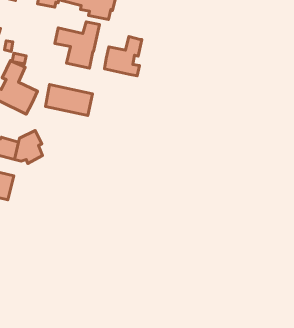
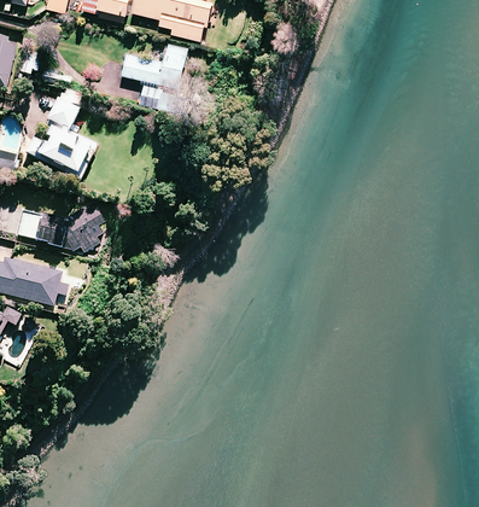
building: [104,36,142,76] -> none
building: [45,84,92,115] -> none

